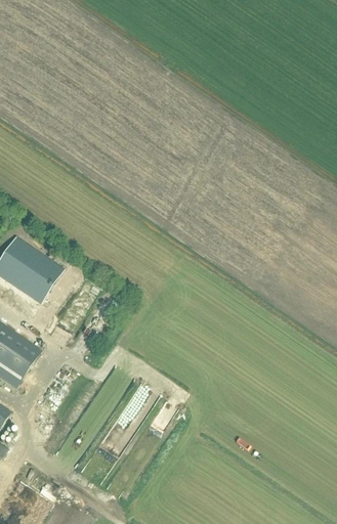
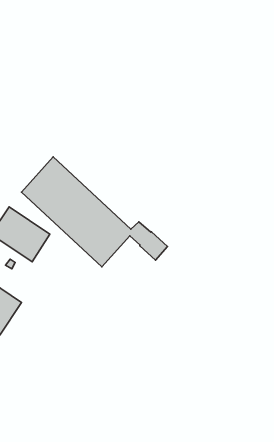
building: none -> [22,157,167,267]

